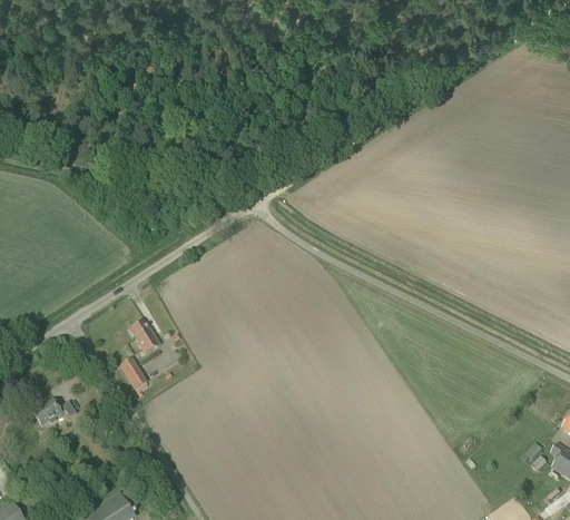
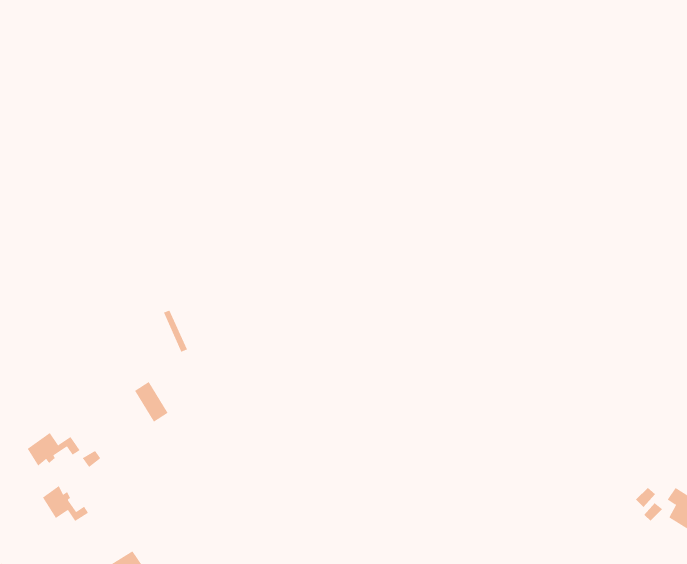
building: [129,321,159,352] -> none
building: none -> [42,485,89,522]

